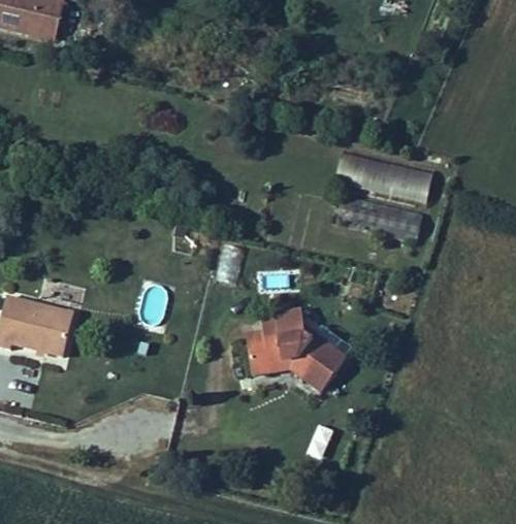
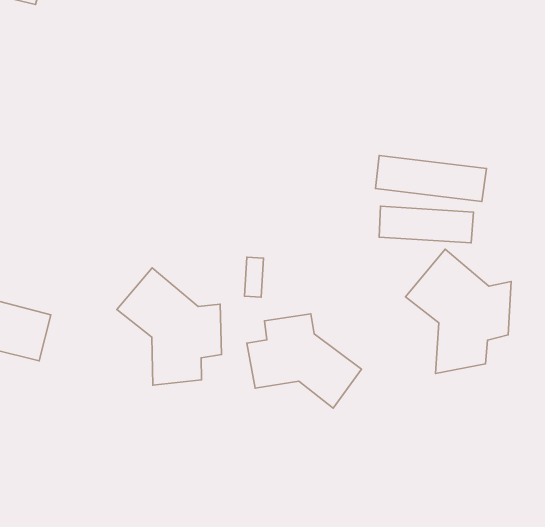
building: none -> [406,249,511,374]
building: none -> [117,268,222,385]

